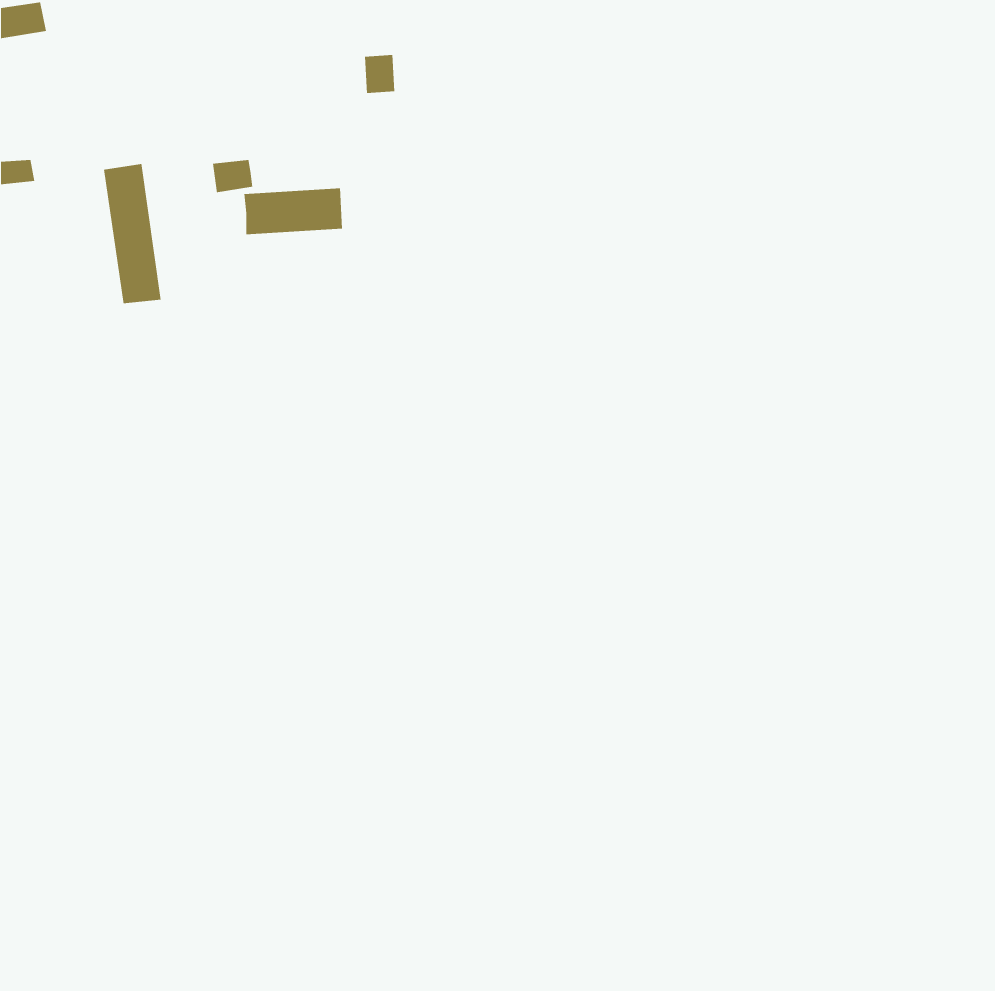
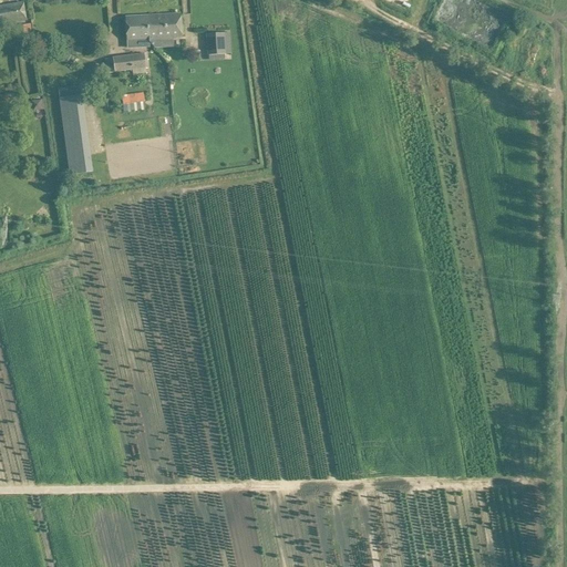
building: none -> [113,52,145,71]
building: [243,188,343,235] -> [125,12,182,39]

